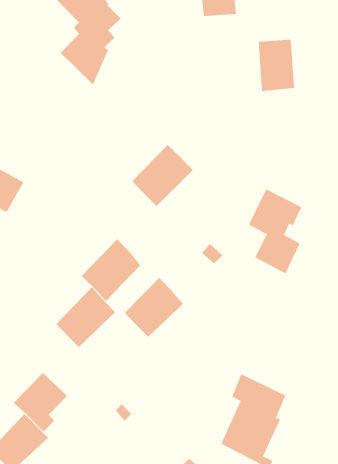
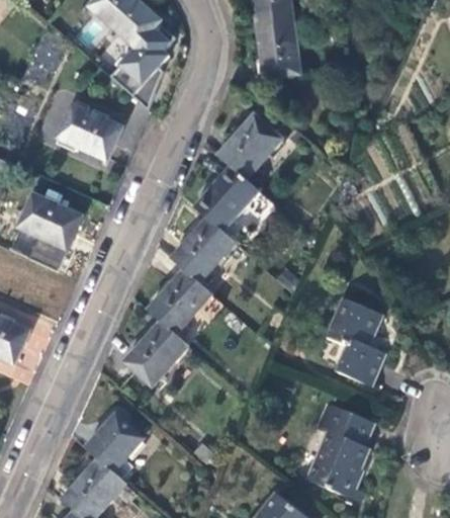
building: [258,39,295,92] -> [258,22,300,80]
building: none -> [56,104,120,160]
building: none -> [218,114,281,178]
building: [248,188,302,274] -> [328,297,384,386]
building: [124,277,184,338] -> [172,218,235,282]

